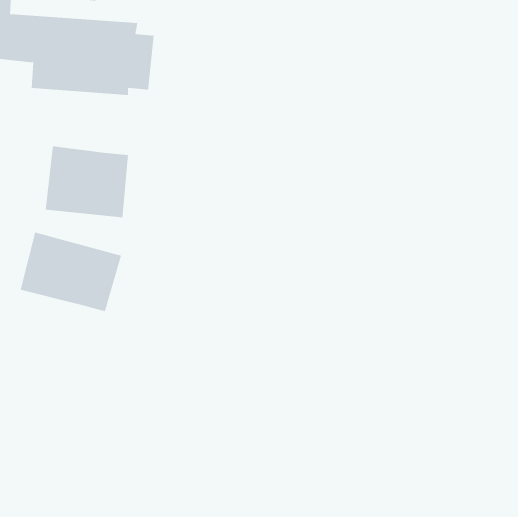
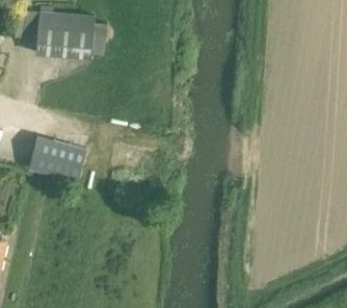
building: [45,146,128,218] -> none

